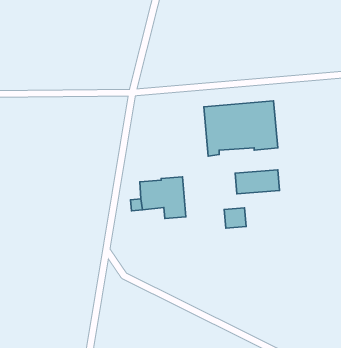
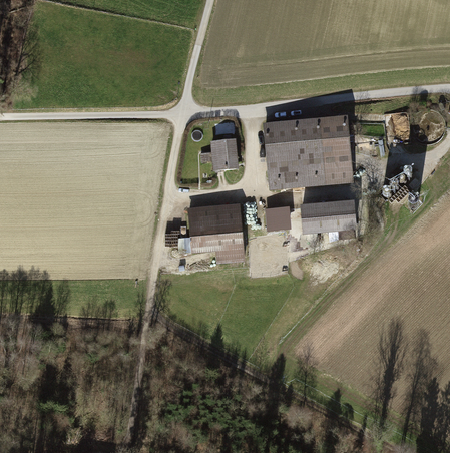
building: none -> [201,138,235,167]
building: [224,208,246,228] -> [265,203,291,228]

